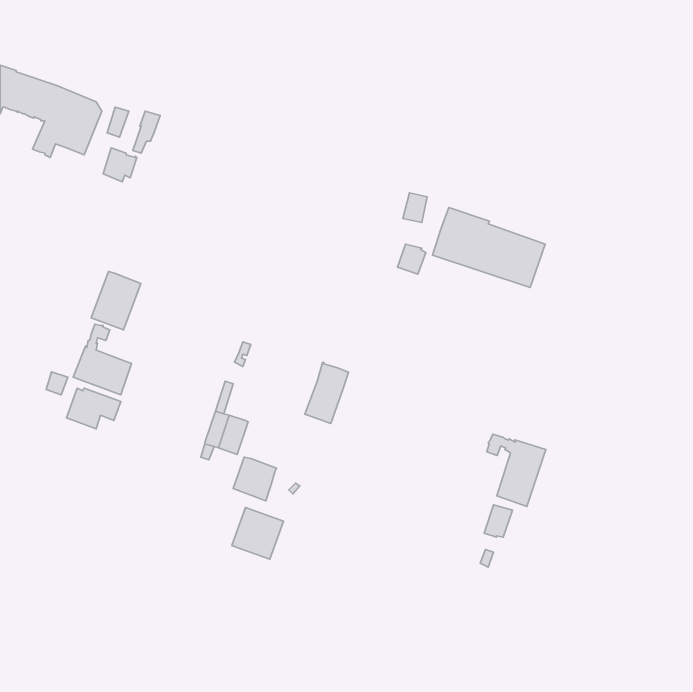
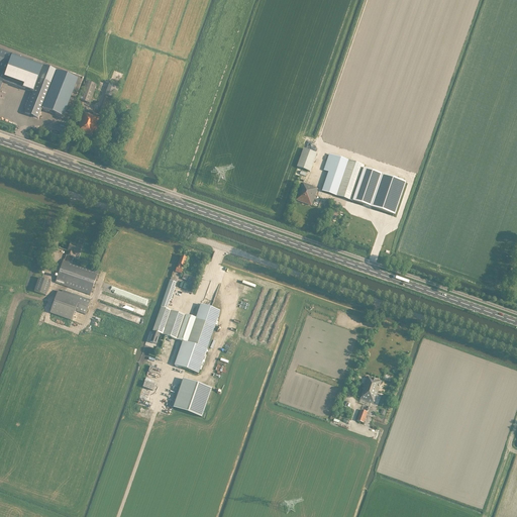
building: [91,271,141,330] -> none
building: [305,363,348,424] -> [187,303,219,348]
building: [487,434,546,507] -> none

